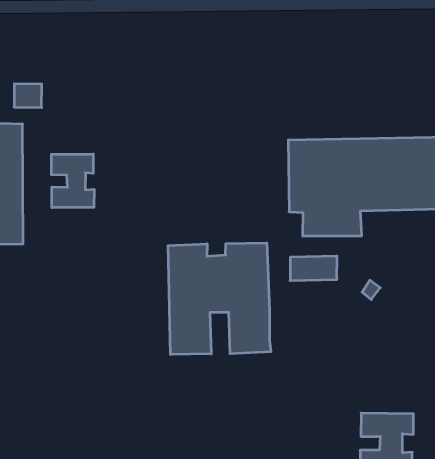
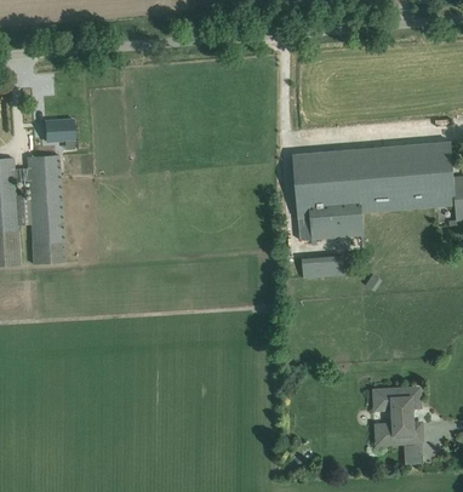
building: [51,154,94,208] -> none
building: [168,243,271,355] -> none

